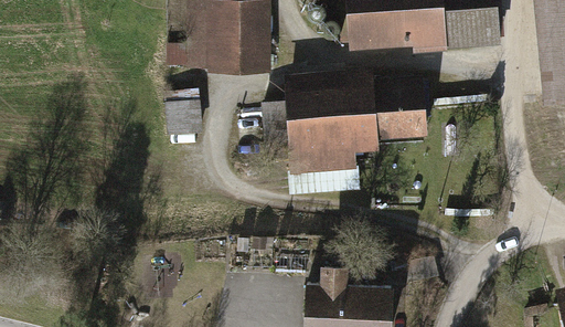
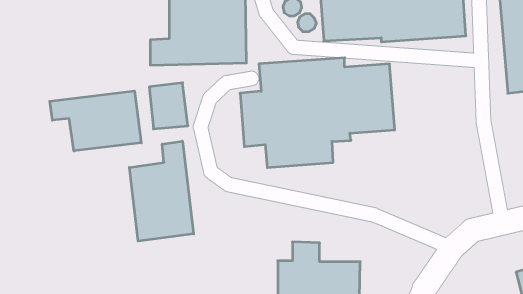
building: none -> [50,91,141,151]
building: none -> [129,141,194,241]

